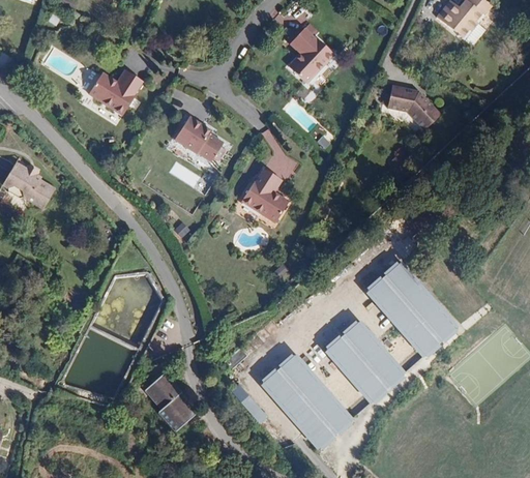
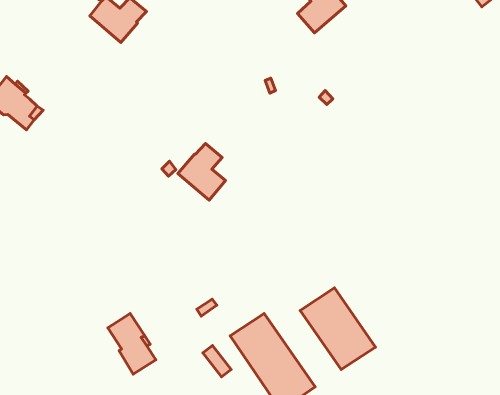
building: [389,83,442,127] -> none
building: [173,117,222,161] -> none
building: [241,166,288,219] -> [178,144,226,200]
building: [366,265,454,356] -> none

